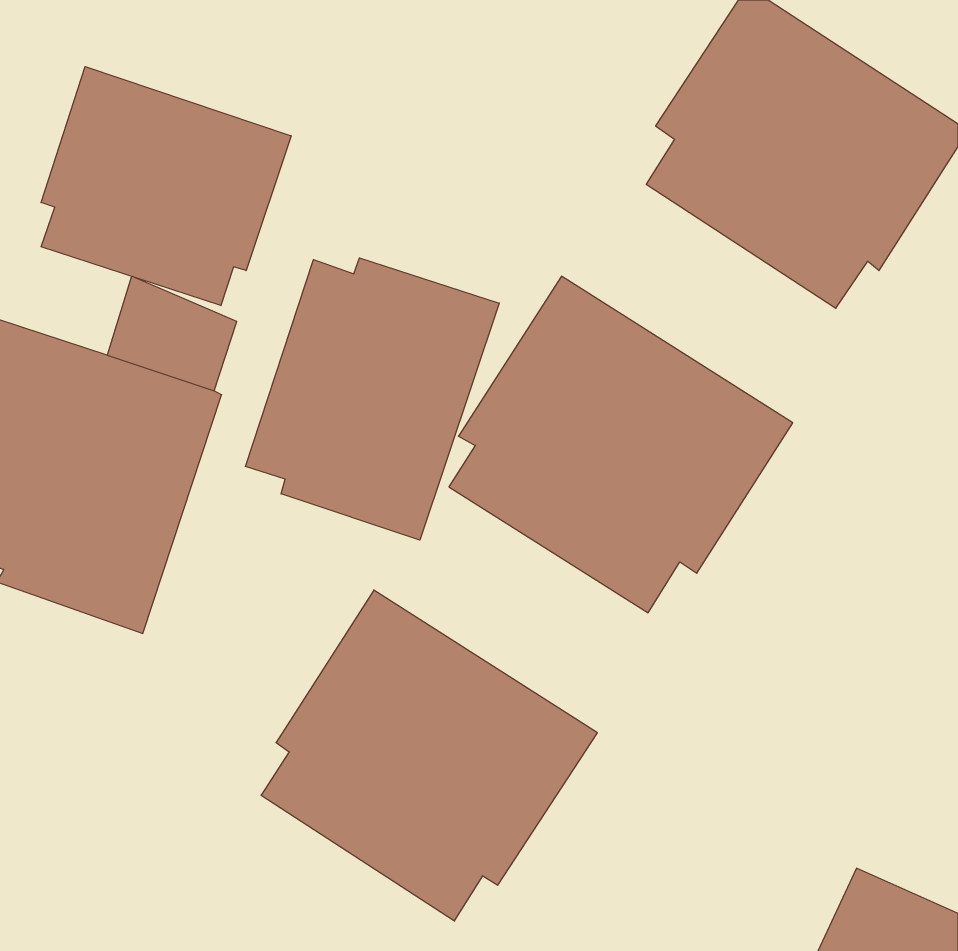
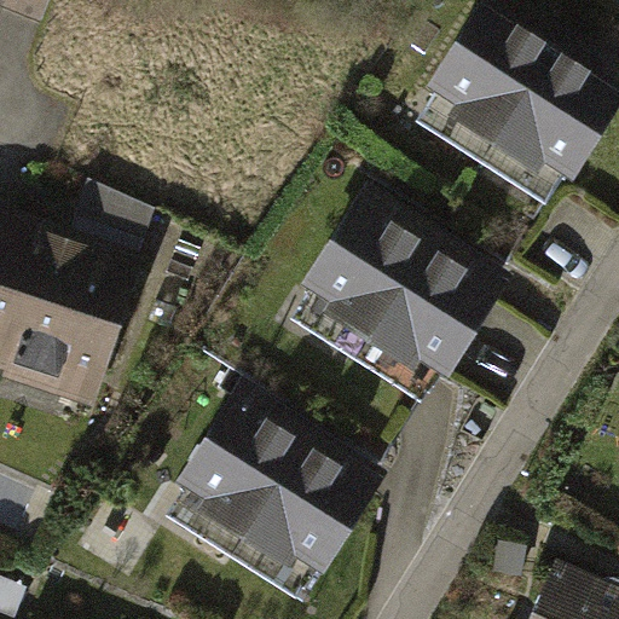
building: [41,67,291,306] -> none
building: [246,258,499,540] -> none

